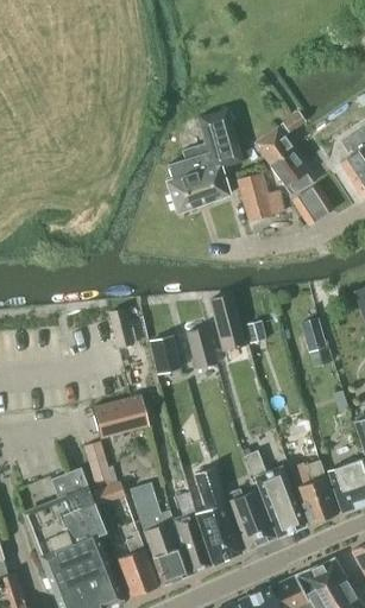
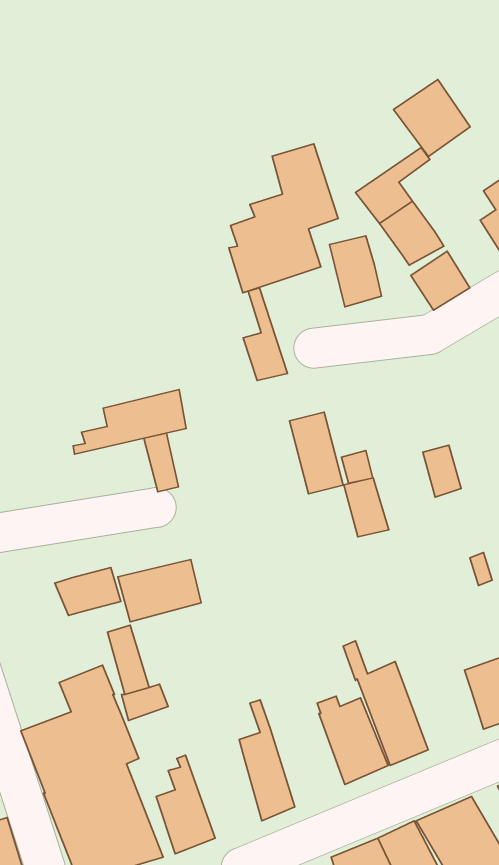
building: none -> [394,79,470,156]
building: none -> [243,288,288,381]
building: none -> [73,390,186,454]
building: [187,328,218,368] -> [344,478,389,537]
building: [150,336,181,374] -> none
building: none -> [55,568,121,616]
building: [296,461,338,524] -> none
building: [195,467,241,565] -> none
building: [131,483,190,585] -> none

